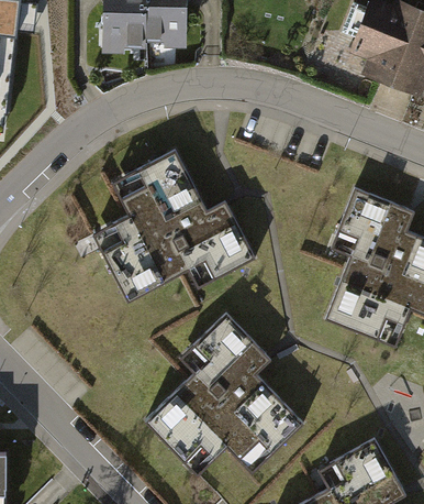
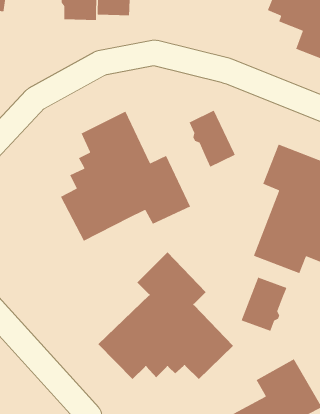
building: none -> [188,110,238,168]
building: none -> [241,272,288,332]

